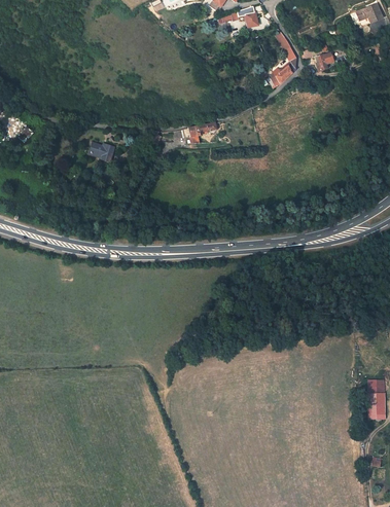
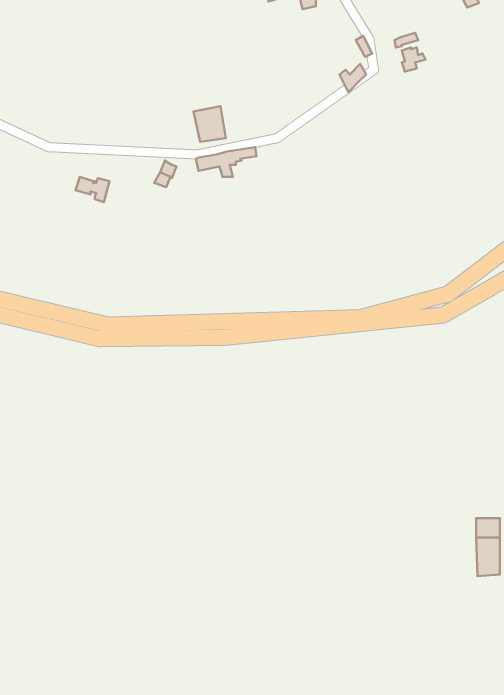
building: none -> [193,106,226,142]

